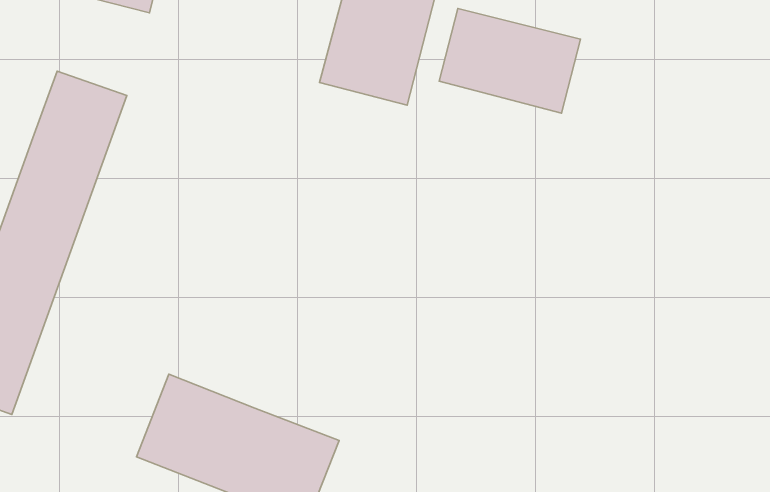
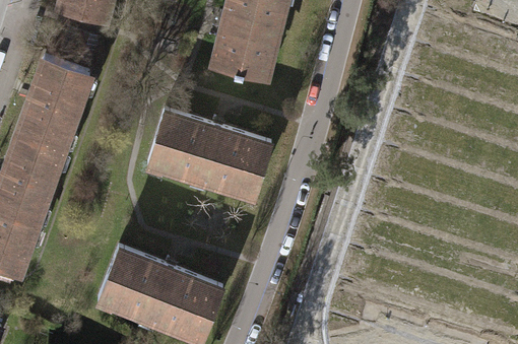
building: [439,8,581,113] -> none
building: none -> [148,111,271,196]

